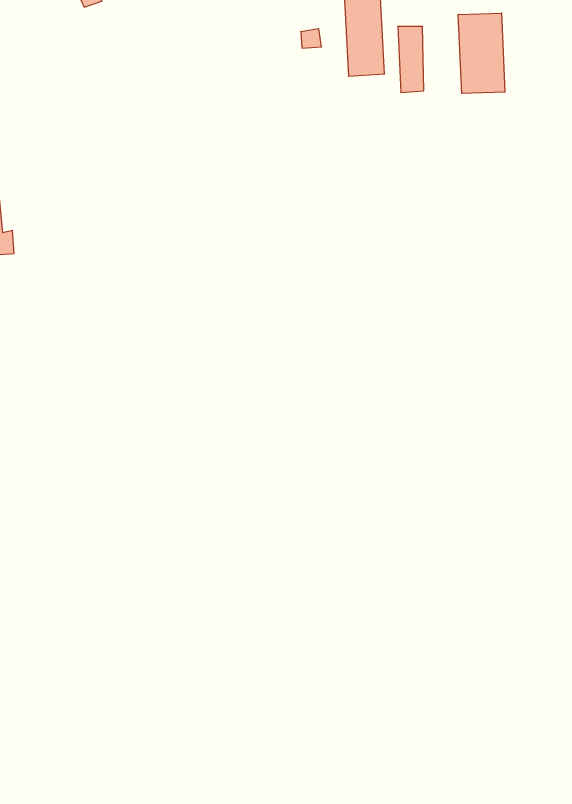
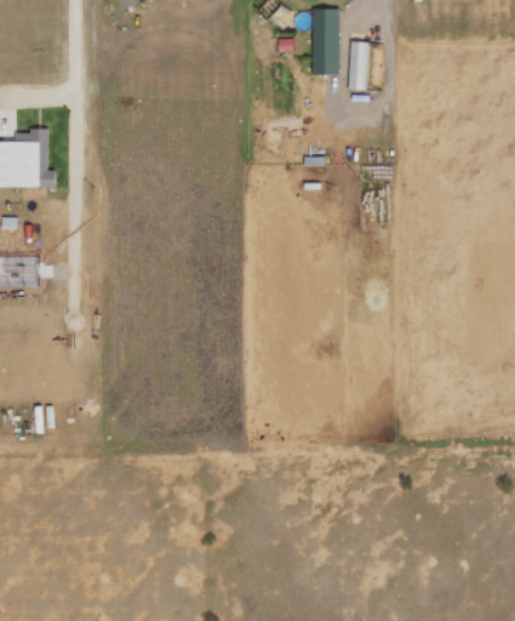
building: [458,13,505,94] -> none

